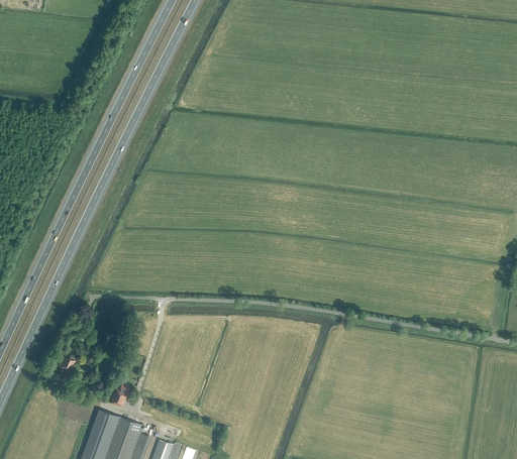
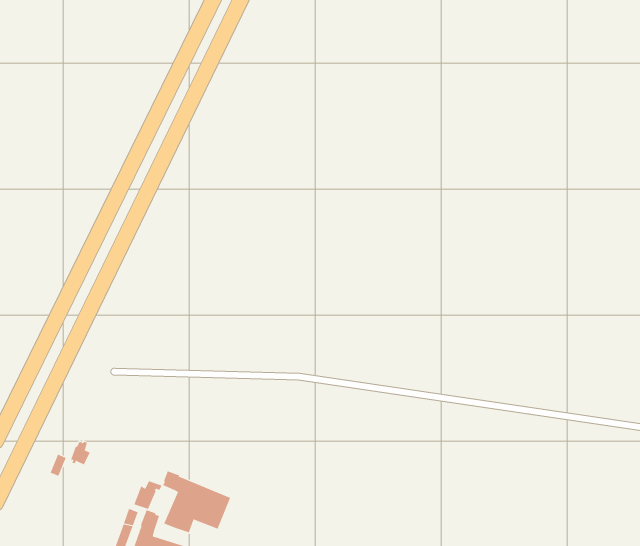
building: none -> [162,471,231,533]

